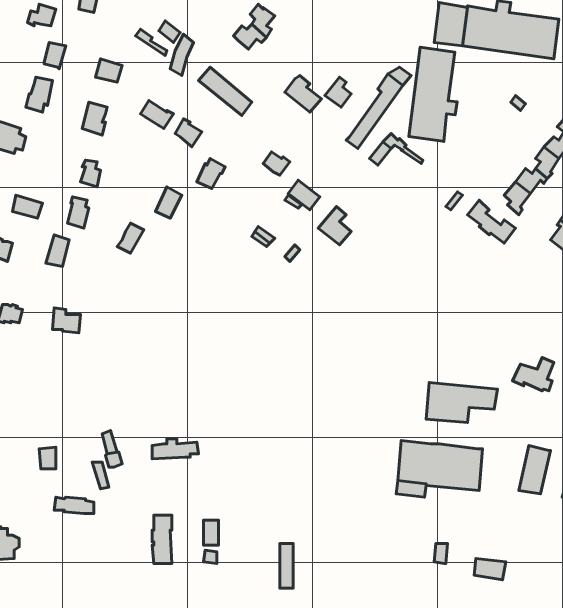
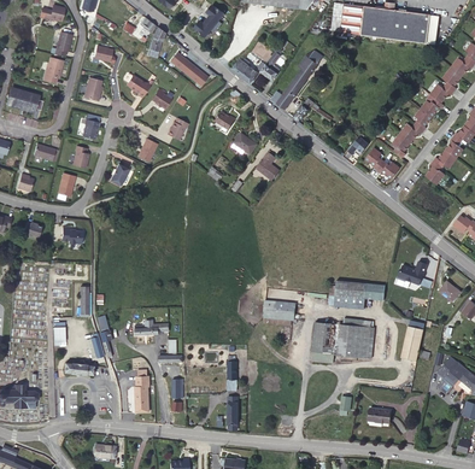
building: [409,47,457,142] -> none
building: none -> [264,300,295,319]

